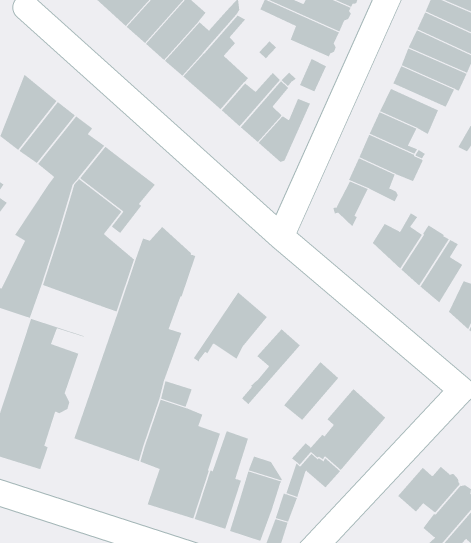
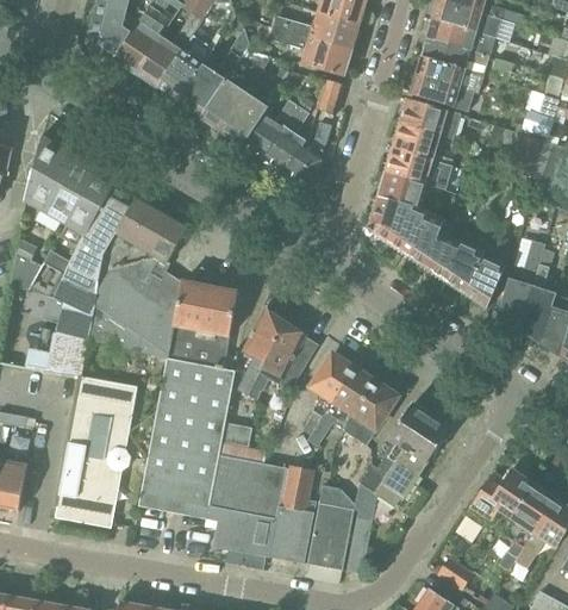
building: none -> [389,203,445,256]
building: none -> [236,310,283,396]
building: none -> [307,368,375,446]

